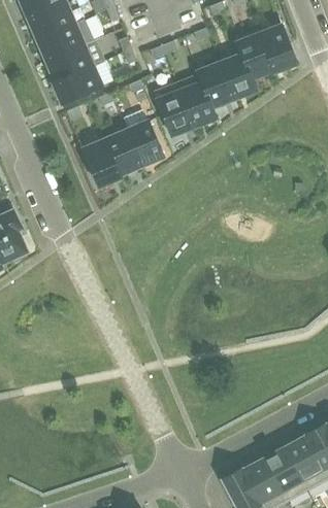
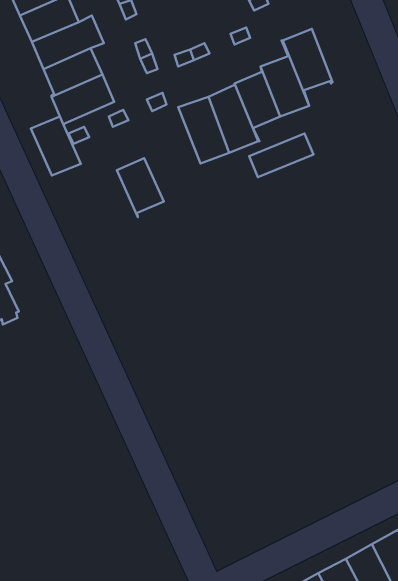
building: [258,25,297,71] -> none
building: none -> [249,134,313,177]
building: [126,121,163,165] -> none
building: [81,140,121,187] -> [31,117,81,175]

